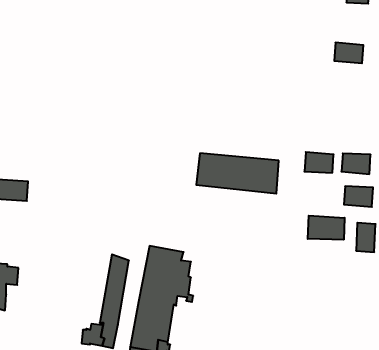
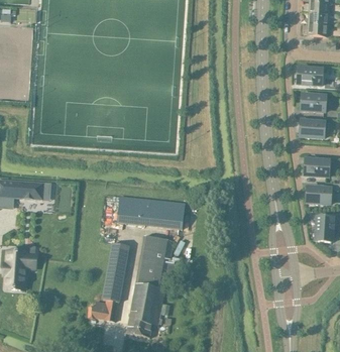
building: none -> [301,94,325,111]
building: [304,152,334,173] -> [300,120,324,137]
building: [196,153,279,194] -> [116,196,185,229]
building: [308,216,345,240] -> none

